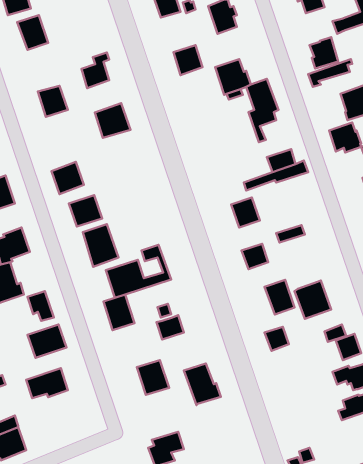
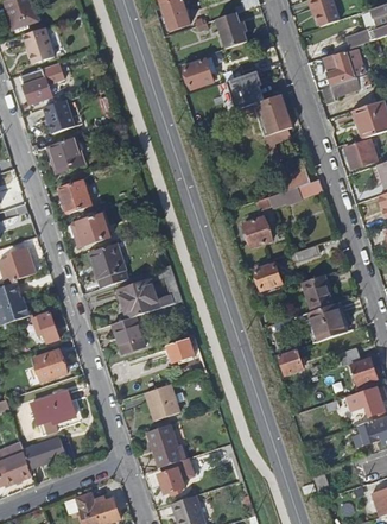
building: [81,53,109,88] -> [24,68,52,105]
building: [95,103,130,138] -> [47,138,84,173]
building: [264,280,294,315] -> [302,274,332,310]
building: [184,363,221,405] -> [147,424,185,467]
building: none -> [24,438,66,469]

